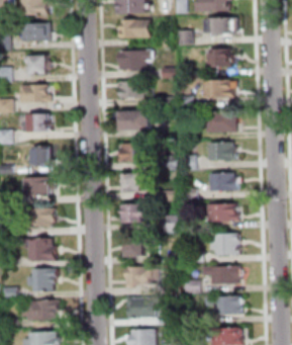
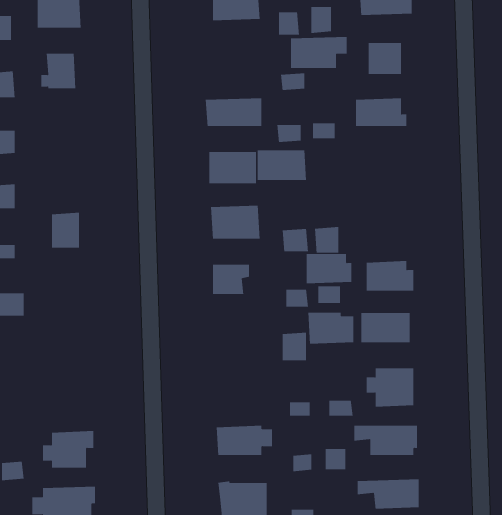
building: [119,51,152,69] -> [290,36,348,69]
building: [20,86,50,102] -> none
building: [207,114,235,132] -> [257,150,307,180]
building: [24,115,47,134] -> none
building: [209,143,235,160] -> [306,254,352,284]
building: [22,178,51,197] -> none
building: [123,205,150,224] -> [308,312,354,344]
building: [21,208,55,228] -> none
building: [124,238,150,257] -> none
building: [31,240,56,262] -> none

